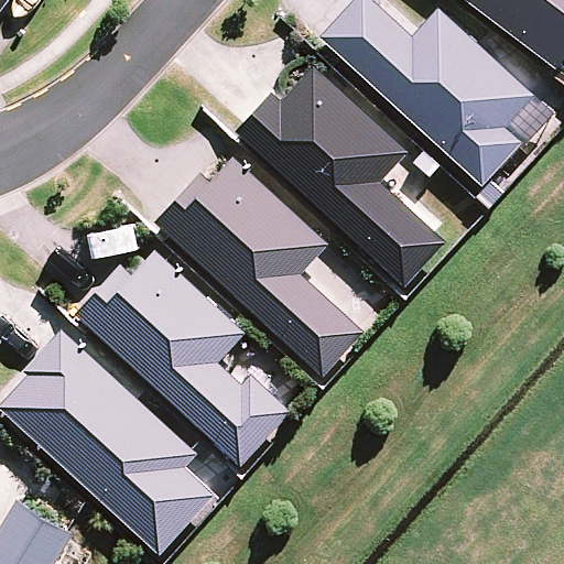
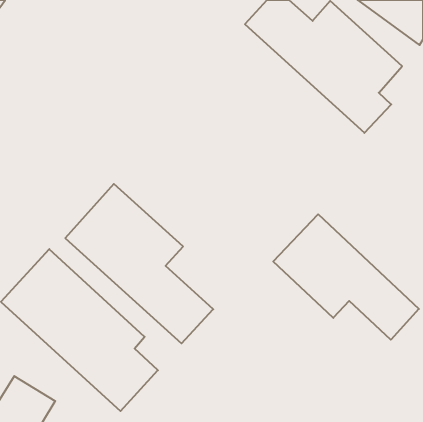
building: [248,68,442,284] -> none
building: [162,155,359,373] -> none
building: none -> [273,214,419,340]

